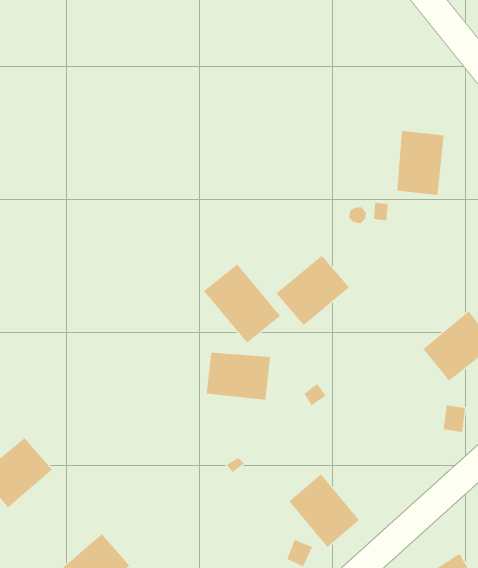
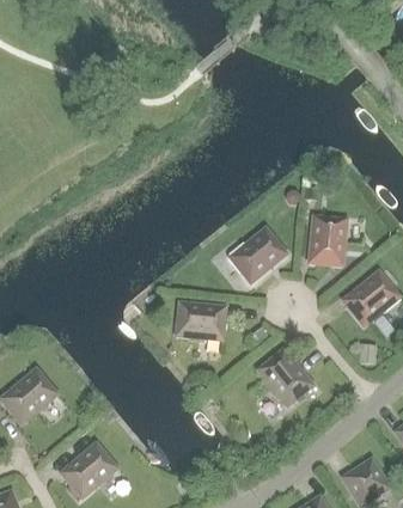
building: [396,131,444,196] -> [309,215,346,265]
building: [203,263,281,344] -> none
building: [289,474,360,548] -> [257,348,312,405]

